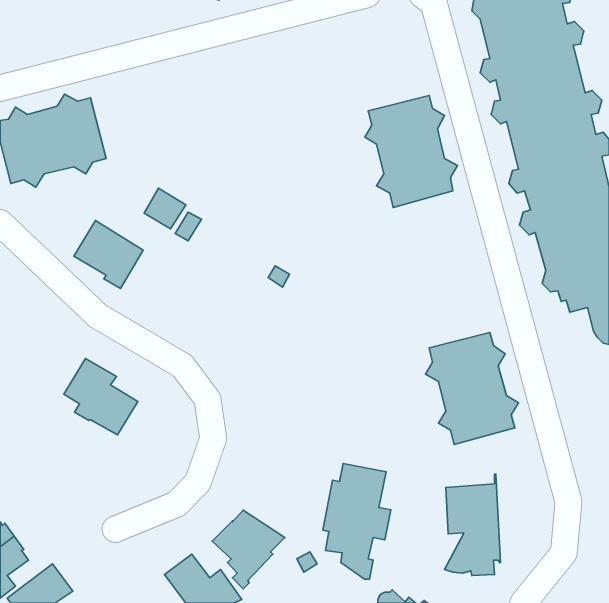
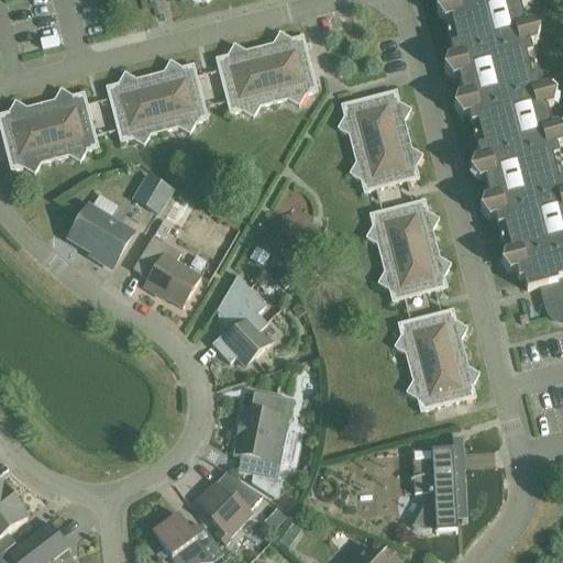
building: none -> [214,30,317,115]
building: none -> [104,58,208,144]
building: none -> [364,198,450,300]
building: none -> [211,274,269,365]
building: [64,359,138,435] -> [132,235,200,306]
building: [323,463,391,579] -> [234,390,297,497]

